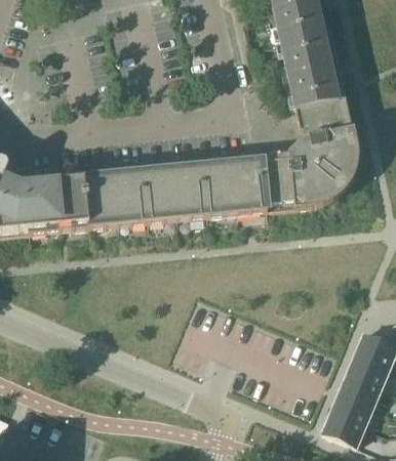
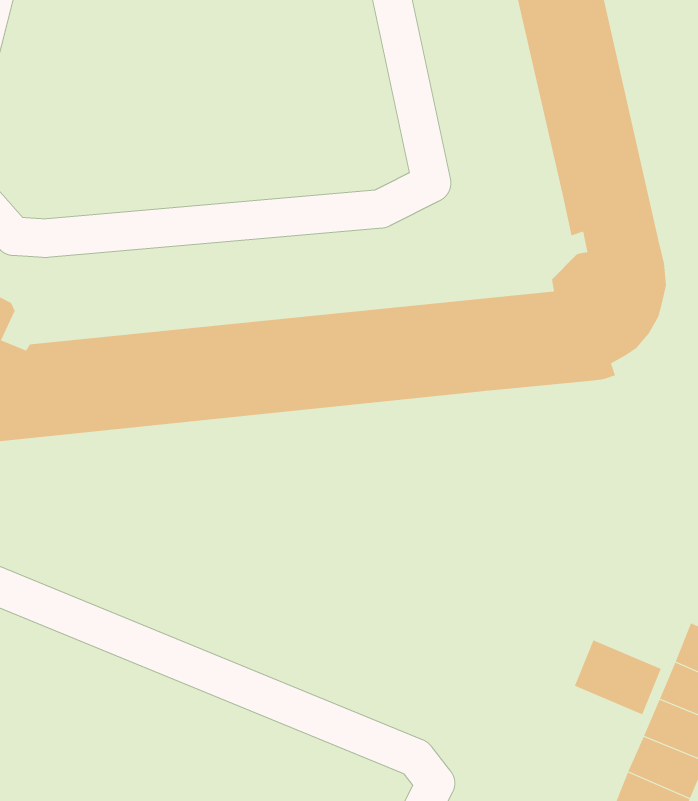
building: none -> [574,640,662,715]

